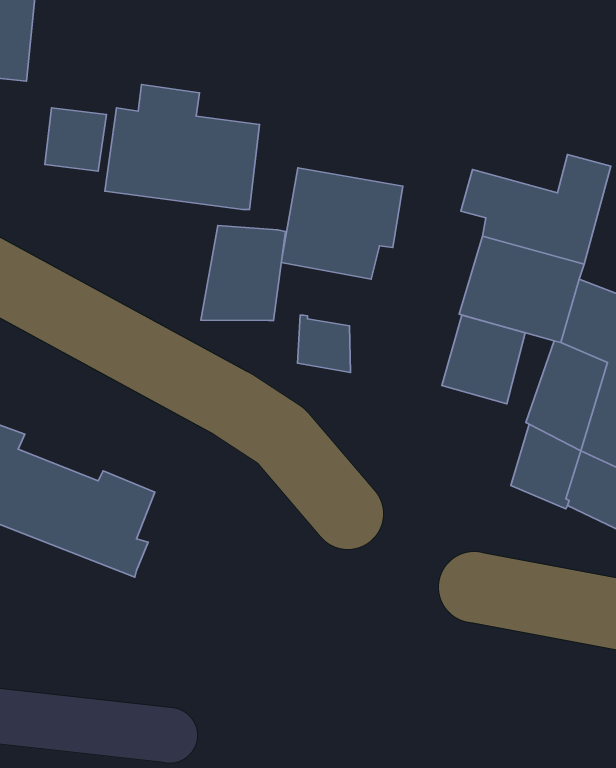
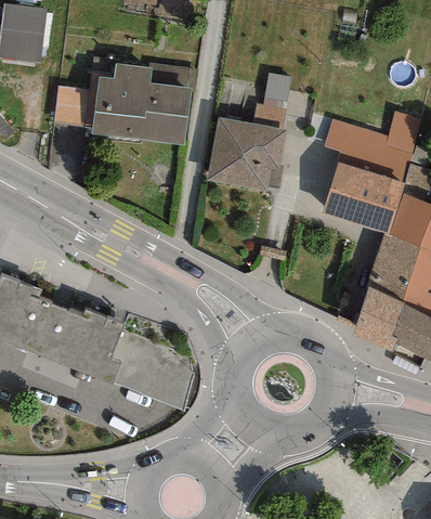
building: none -> [257,67,292,125]
building: [201,226,285,321] -> none
building: [442,315,525,404] -> none
building: [297,315,350,372] -> none
building: none -> [113,330,194,407]

